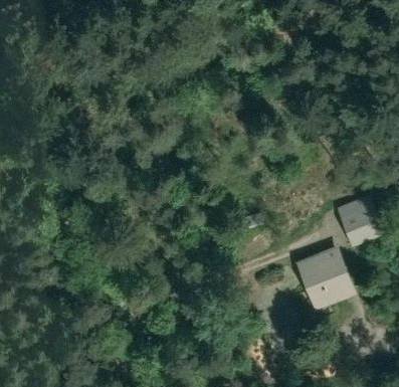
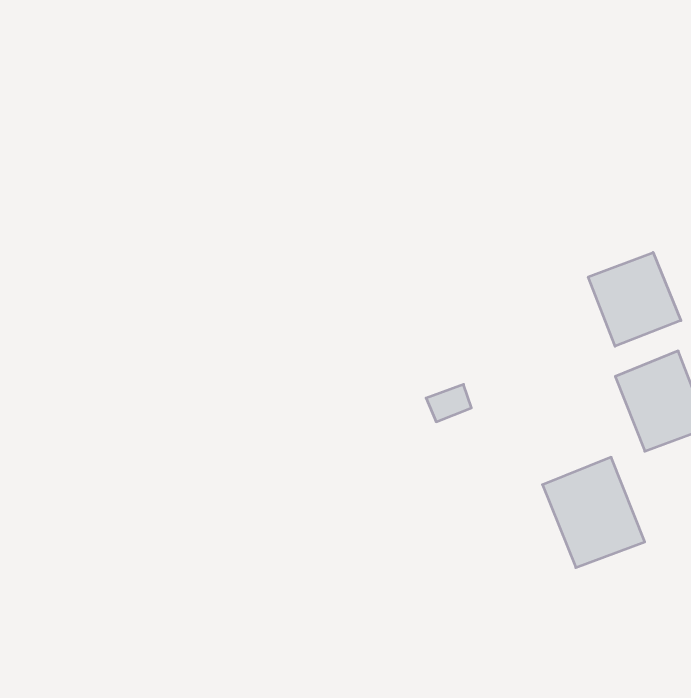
building: none -> [588,252,681,346]

